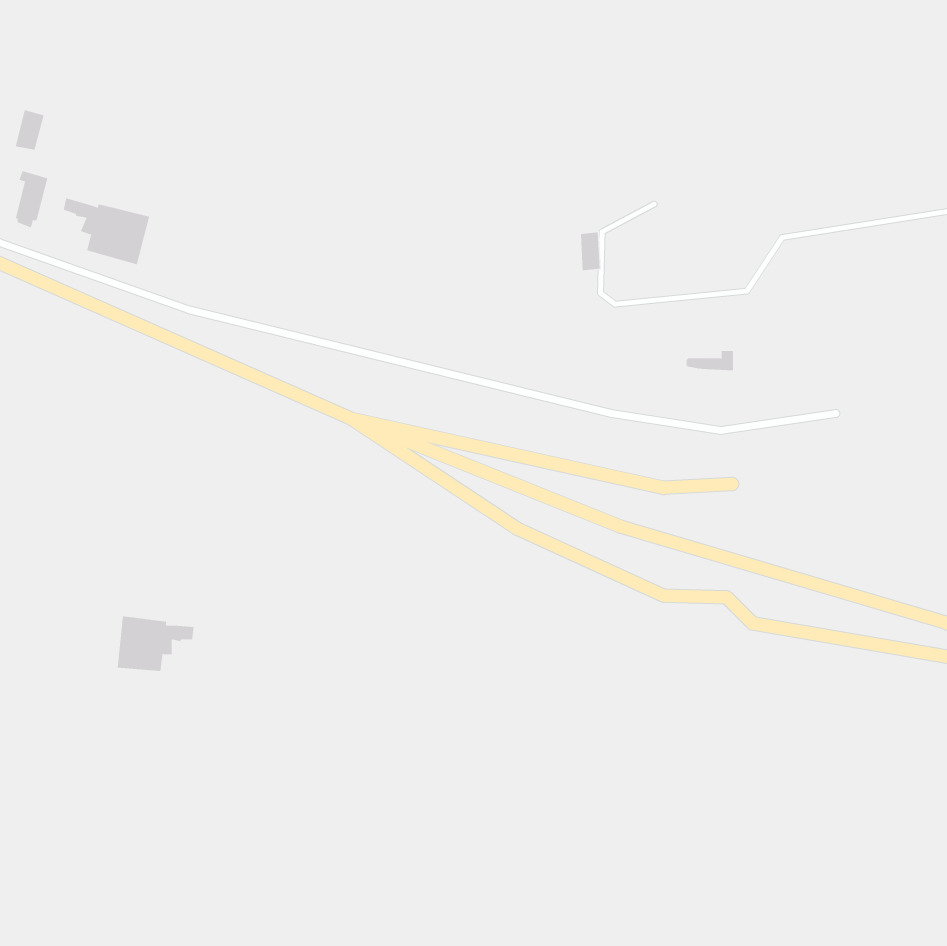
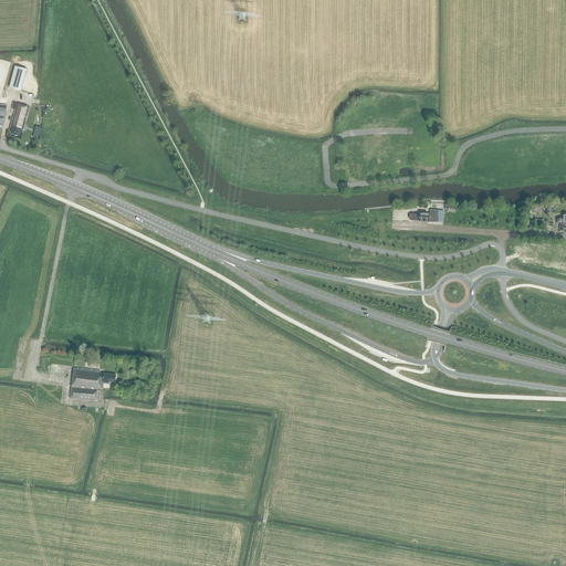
building: [63,198,150,265] -> none

